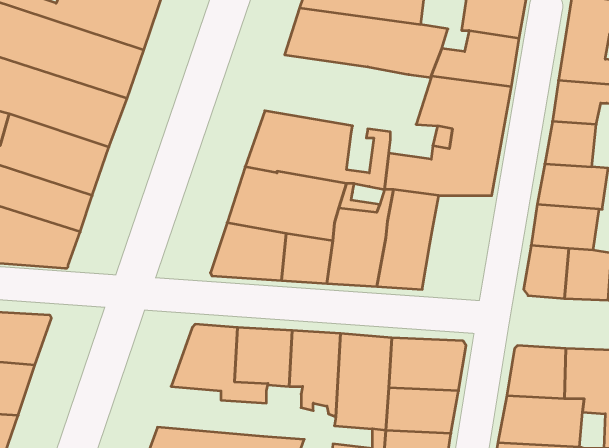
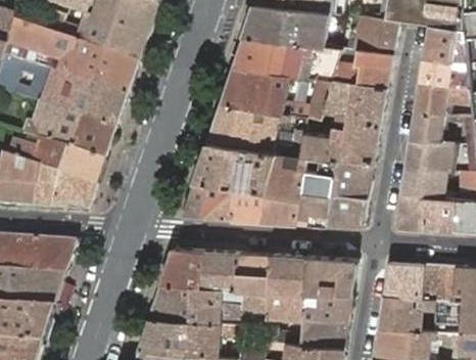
building: none -> [221,65,333,120]
building: none -> [327,161,374,226]
building: none -> [148,289,244,323]

